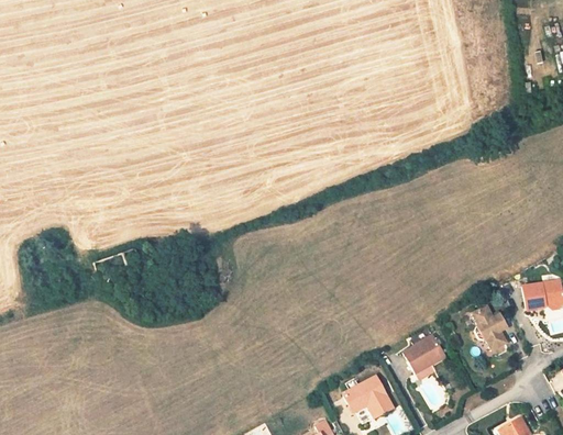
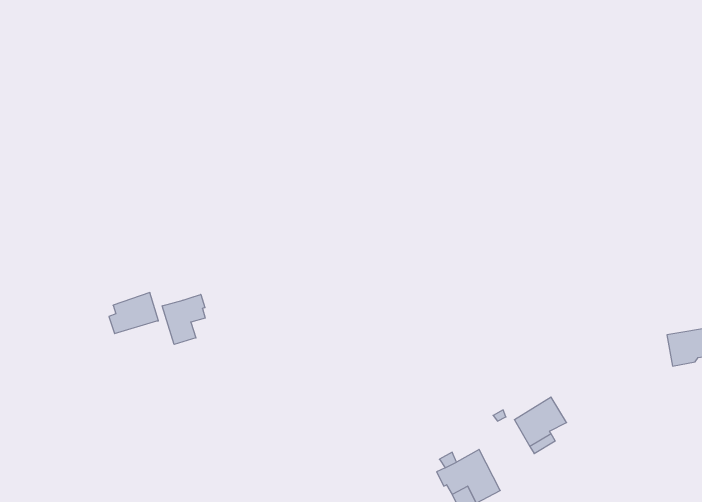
building: none -> [162,294,205,344]
building: [472,305,508,350] -> none

